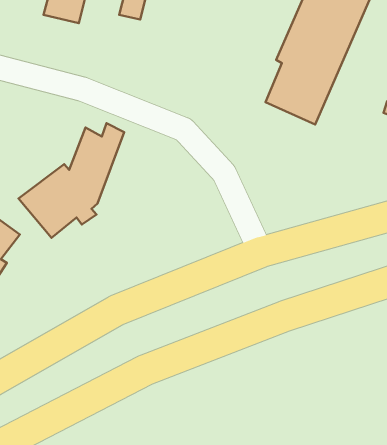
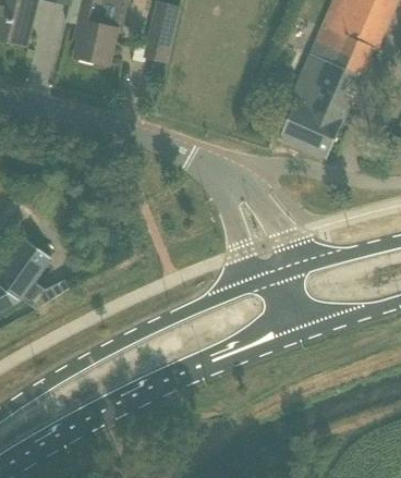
building: [18,123,124,238] -> none

